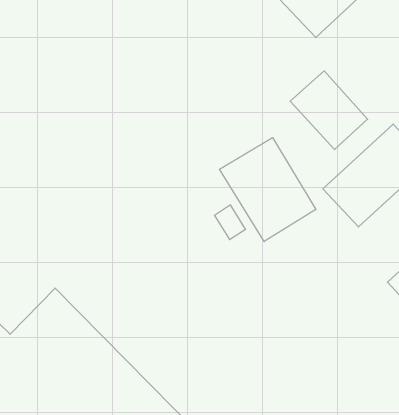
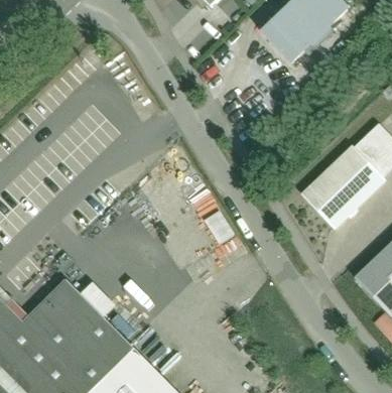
building: [290,71,368,150] -> none
building: [219,138,316,242] -> none

